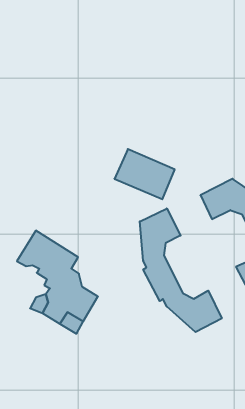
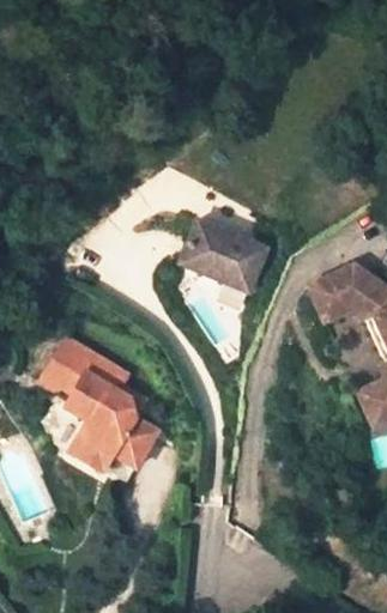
building: [140,208,222,332] -> none

